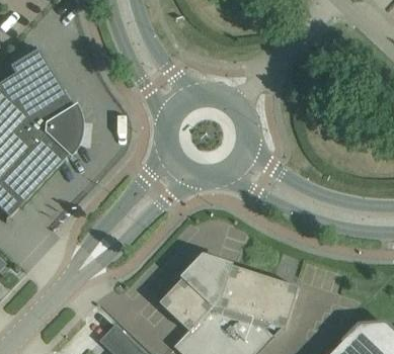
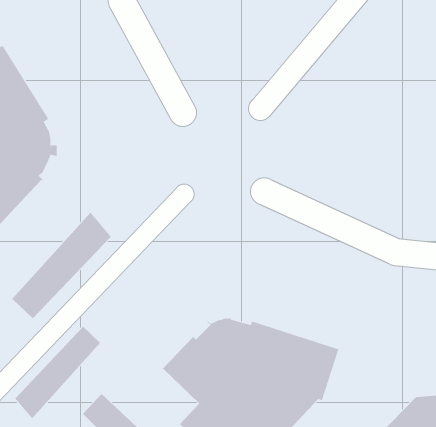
building: none -> [12,212,111,319]
building: none -> [15,326,101,419]

